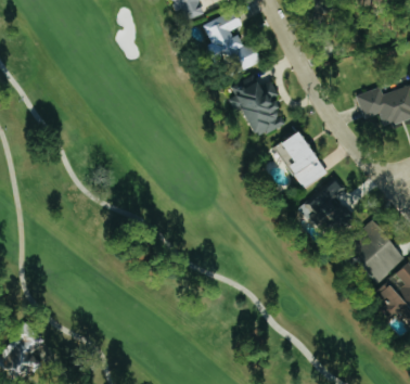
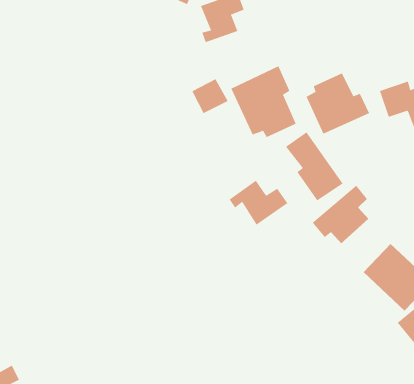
building: [231,41,262,72] -> [192,78,228,114]
building: none -> [306,72,370,134]
building: none -> [229,180,288,226]

